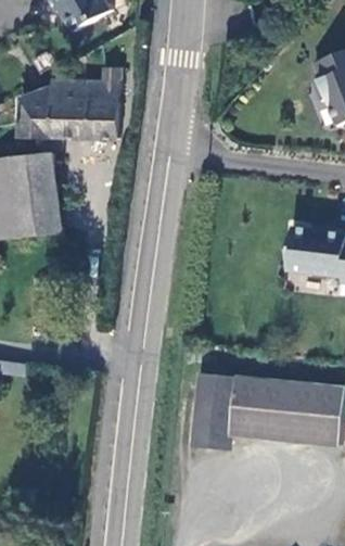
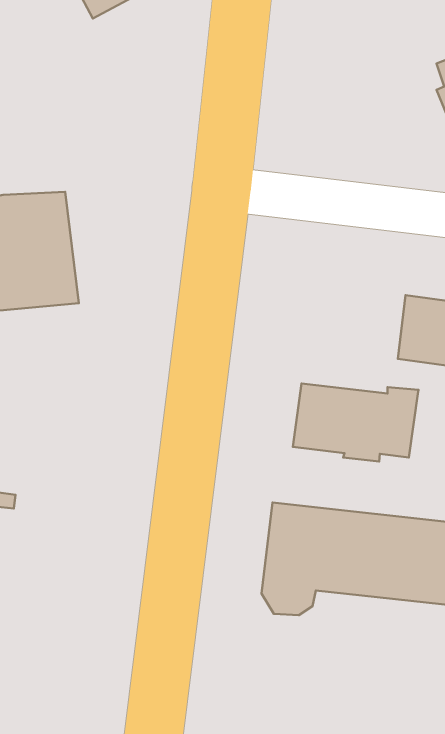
building: [20,65,120,139] -> none
building: none -> [293,384,419,462]

